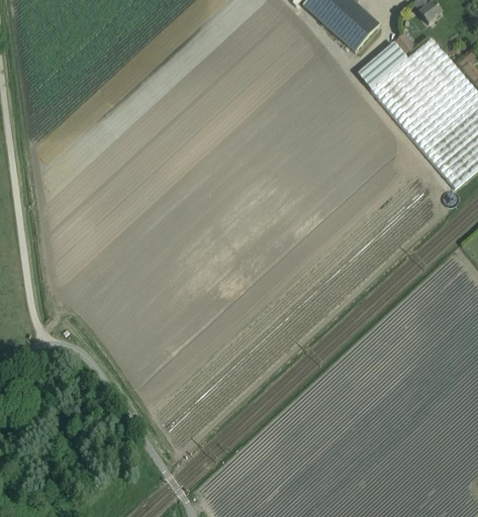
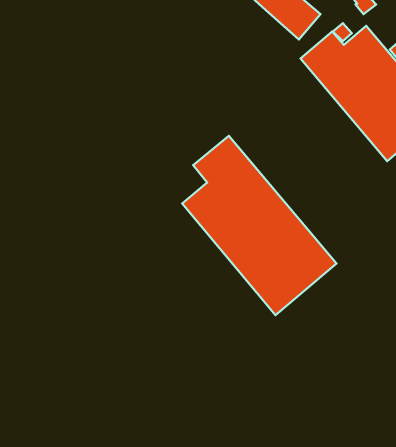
building: none -> [182,136,336,315]

